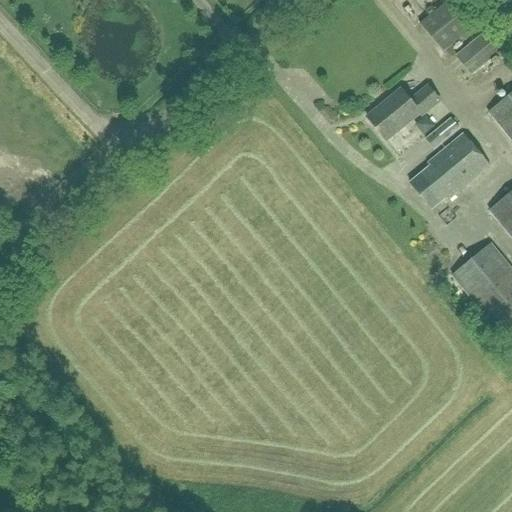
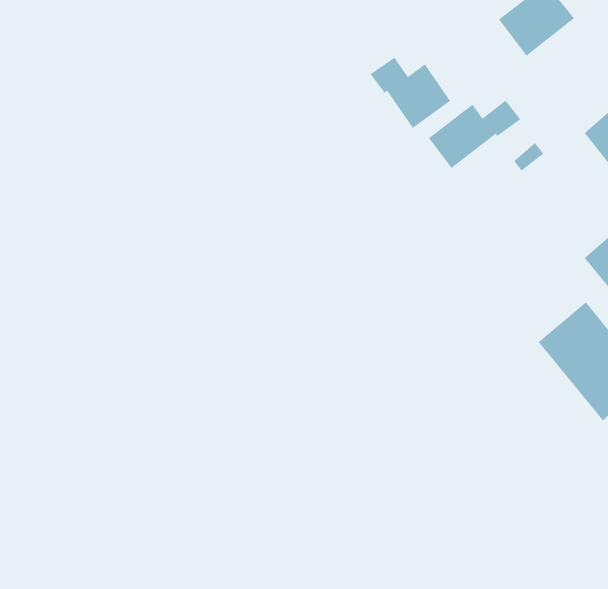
building: [457,28,503,73] -> none
building: none -> [370,57,451,129]
building: [408,131,489,207] -> none

